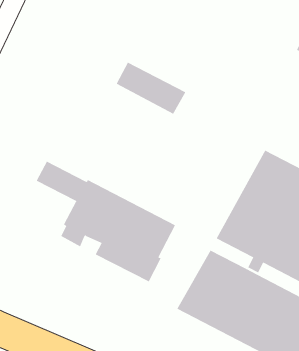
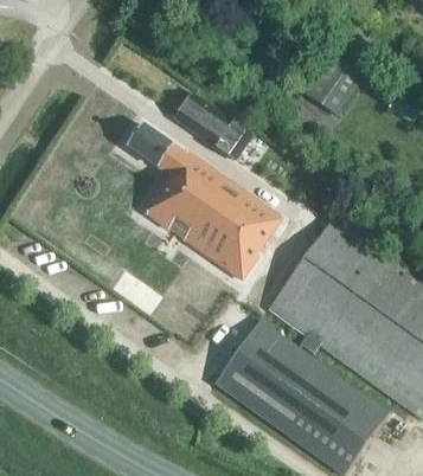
building: none -> [303,53,361,112]
building: [36,161,176,282] -> [127,124,281,279]

